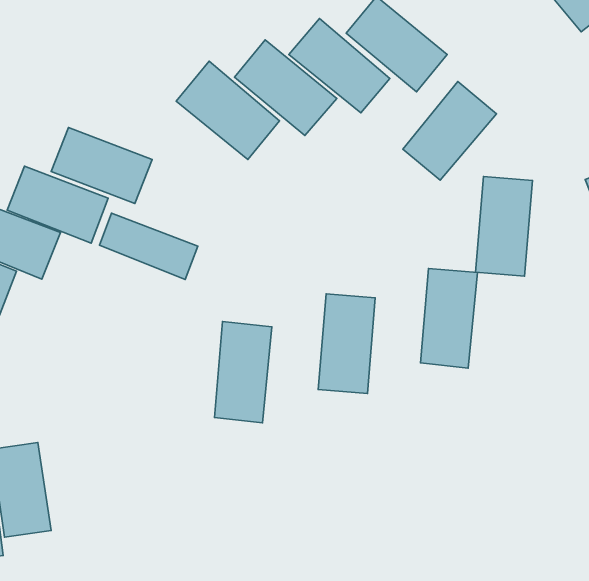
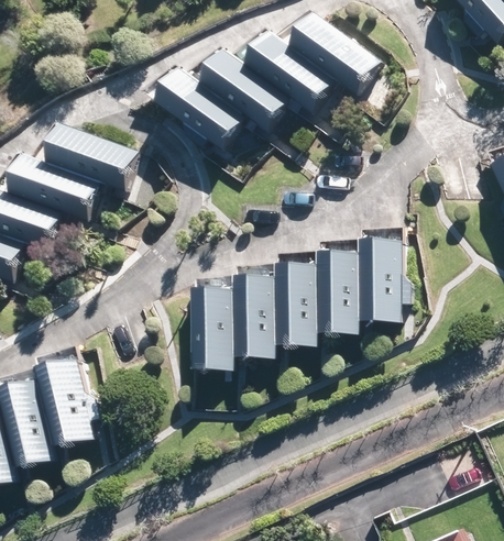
building: [403,82,497,180] -> none
building: [475,177,533,276] -> [316,250,363,332]
building: [99,213,198,279] -> none
building: none -> [231,270,278,353]
building: none -> [42,363,91,442]

